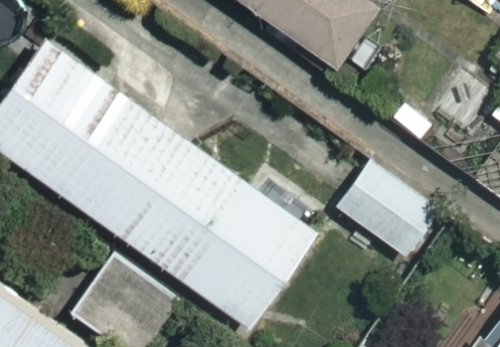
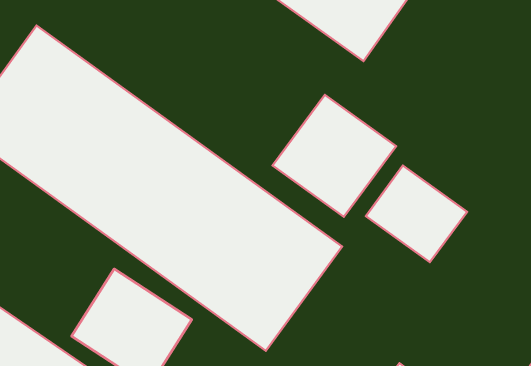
building: none -> [272,95,396,217]

